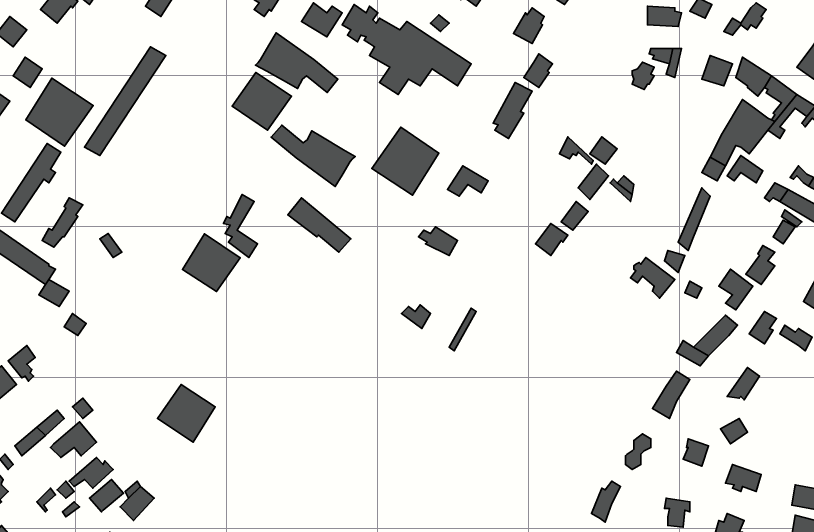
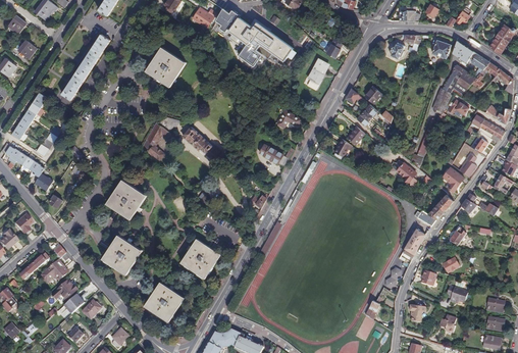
building: [256,33,338,92] -> none
building: [26,78,93,146] -> none
building: [271,125,355,186] -> none
building: [372,127,439,195] -> none
building: [183,234,240,292] -> [109,182,144,216]
building: none -> [183,240,218,275]
building: none -> [146,284,180,318]

